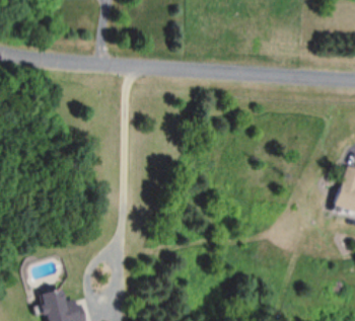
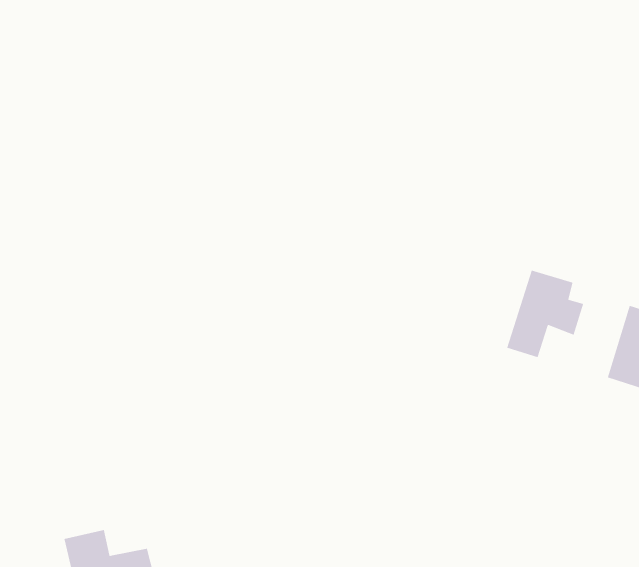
building: none -> [506,269,584,358]

